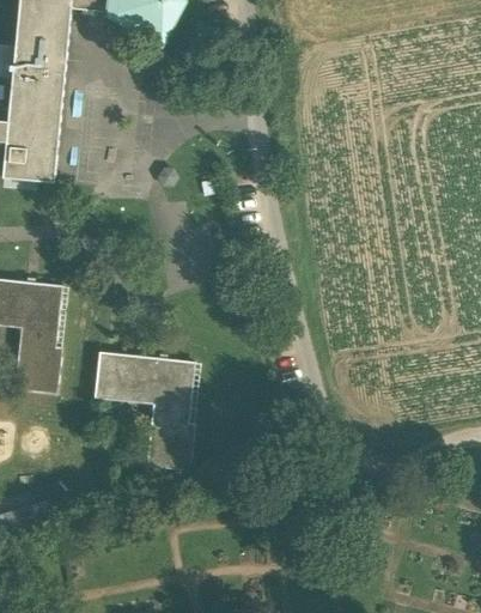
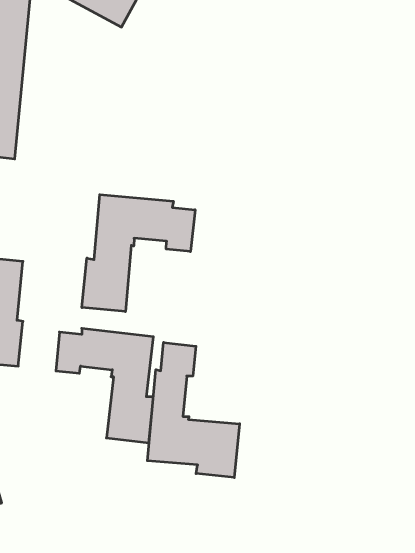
building: none -> [82,195,195,312]
building: none -> [147,342,240,478]

